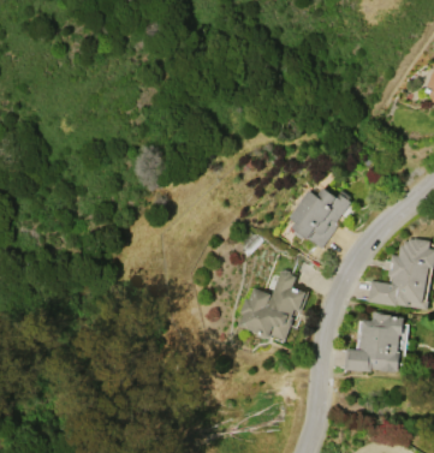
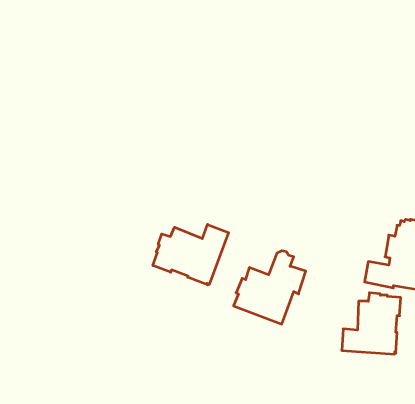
building: [289,187,350,249] -> none
building: none -> [153,224,229,285]

